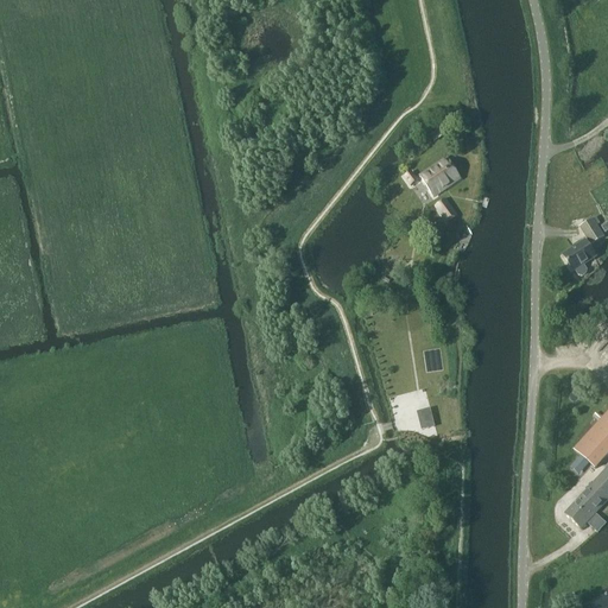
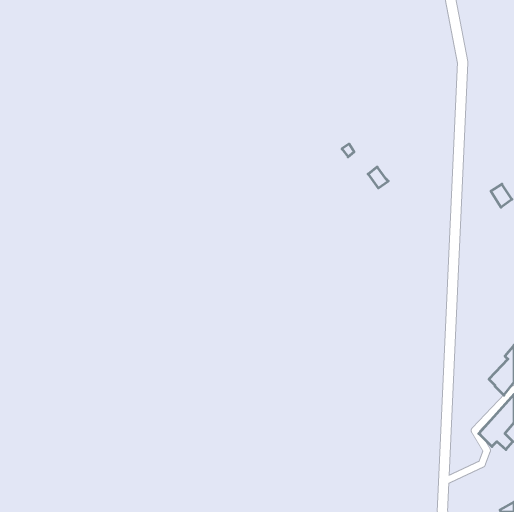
building: [419,157,460,195] -> none
building: [563,239,596,276] -> none

